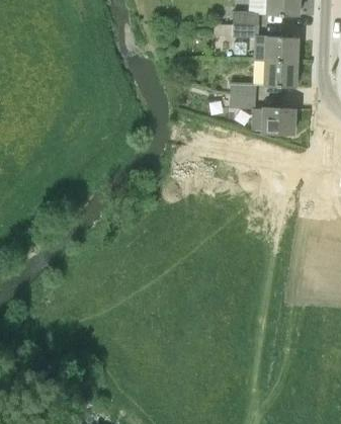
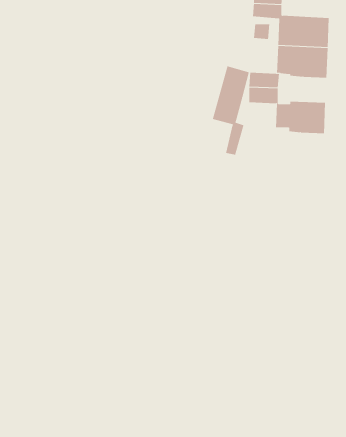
building: none -> [212,65,250,156]

